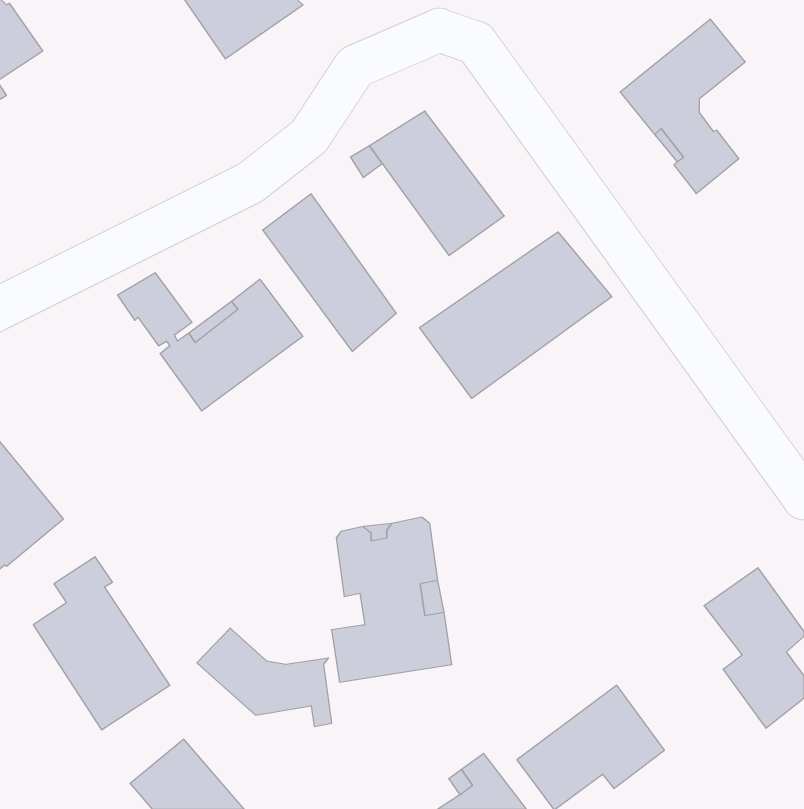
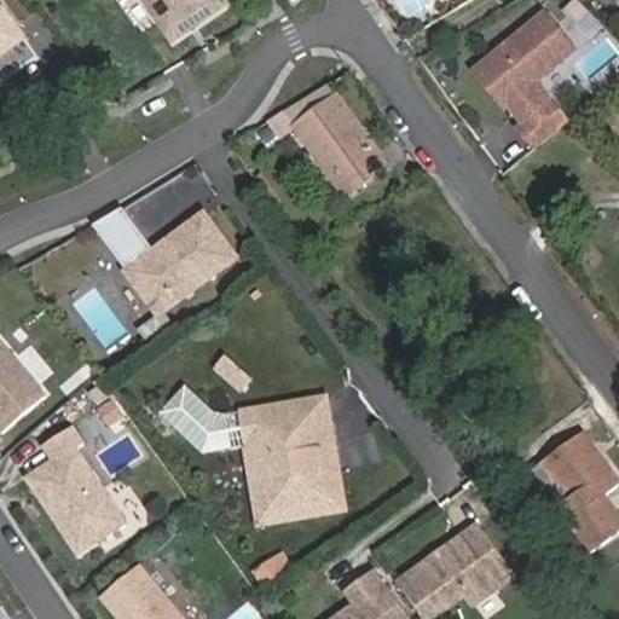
building: [263,194,396,352] -> none
building: [420,232,612,398] -> none
building: [197,628,332,726] -> [160,382,262,457]

